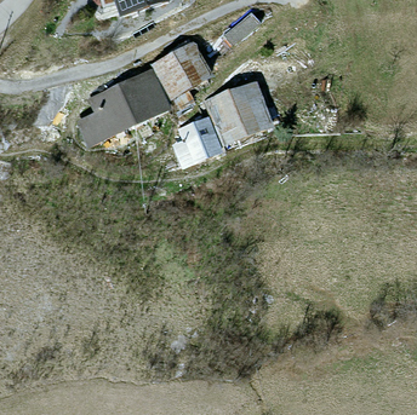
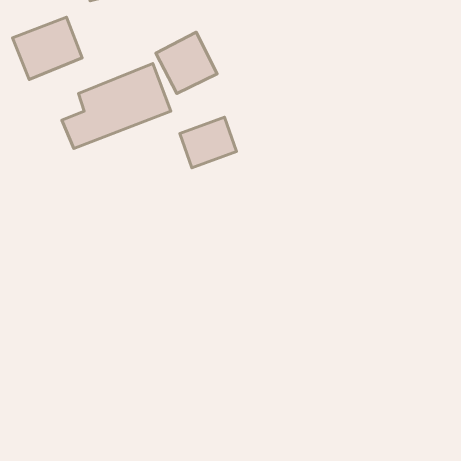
building: none -> [12,17,82,79]
building: [212,81,272,139] -> none

